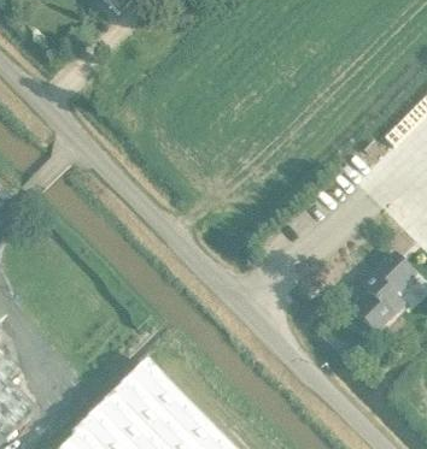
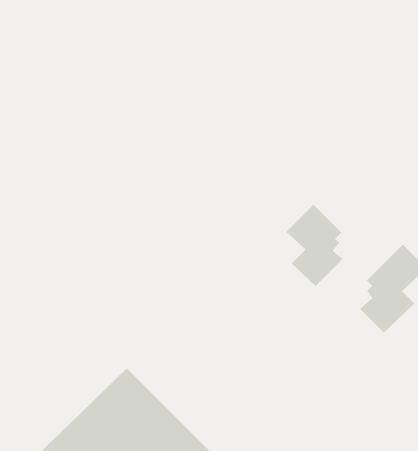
building: none -> [285,204,343,287]

